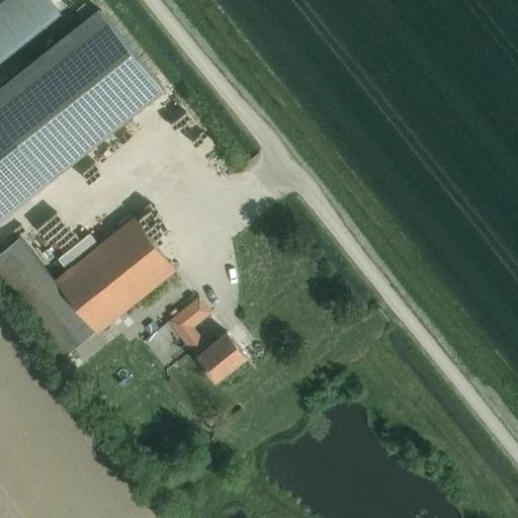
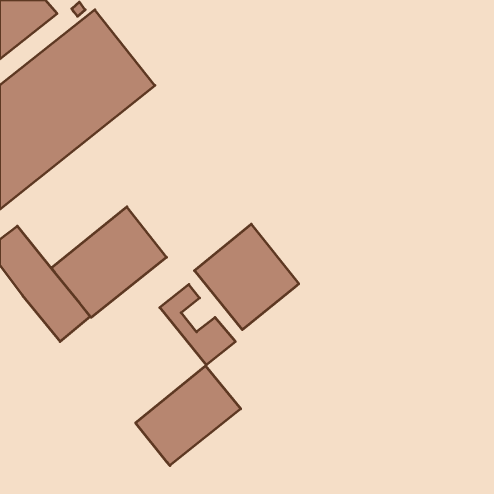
building: none -> [194,224,299,330]
building: none -> [136,366,241,466]

